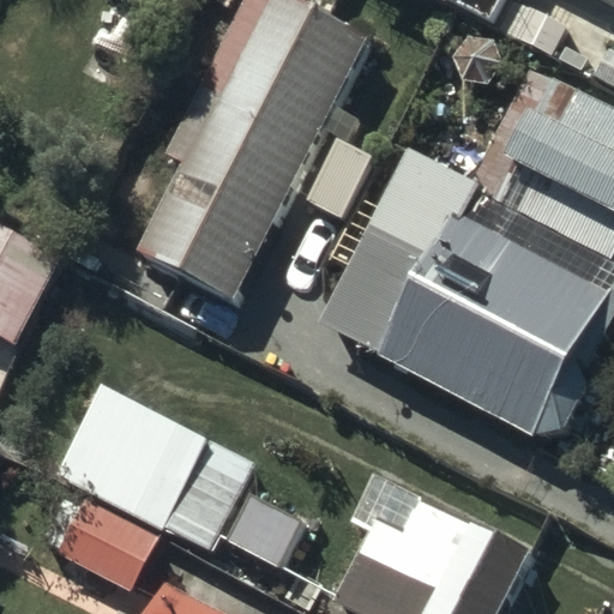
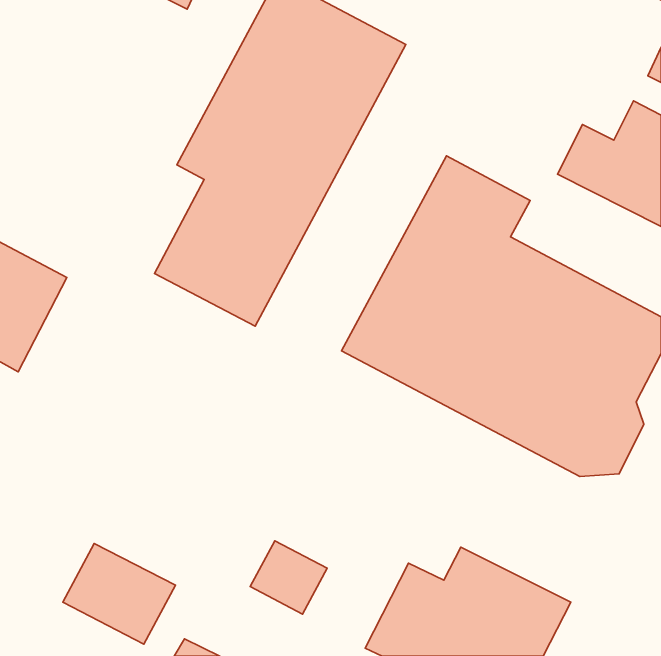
building: [62,387,255,546] -> none

